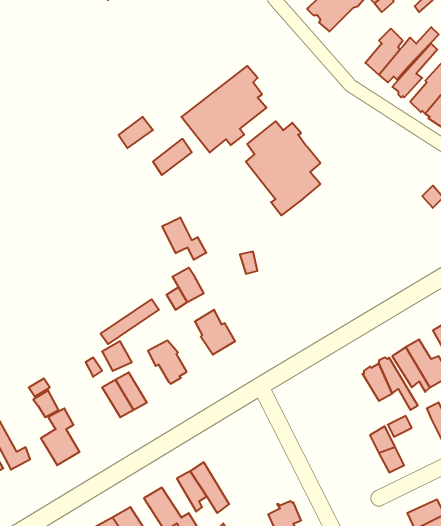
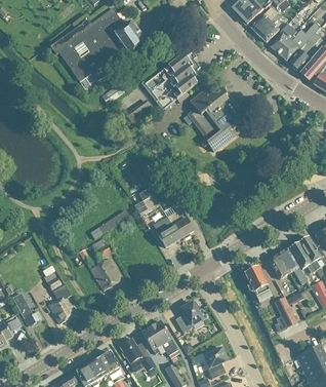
building: none -> [50,7,147,81]
building: none -> [251,7,281,42]
building: [162,217,206,260] -> none
building: [148,340,187,384] -> [167,208,194,238]
building: none -> [245,266,269,296]
building: none -> [175,302,202,333]

